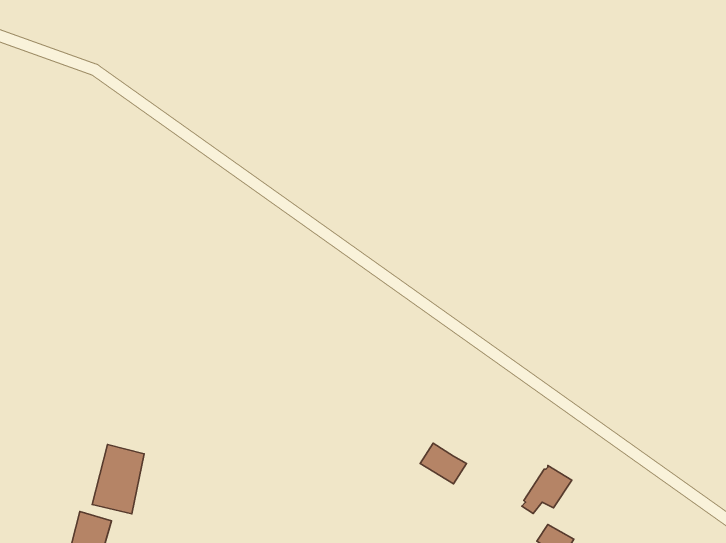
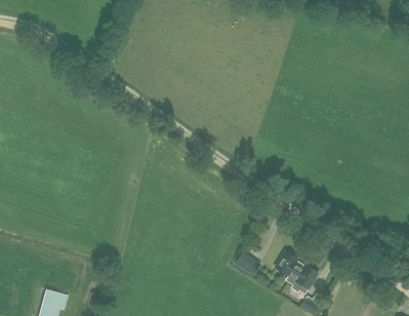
building: none -> [275,250,303,284]
building: [92,444,144,514] -> none

